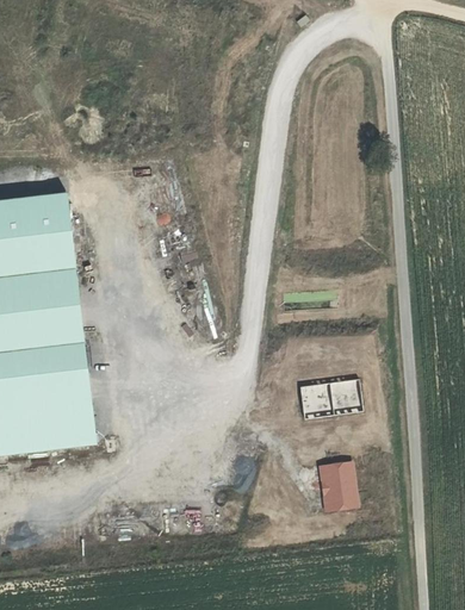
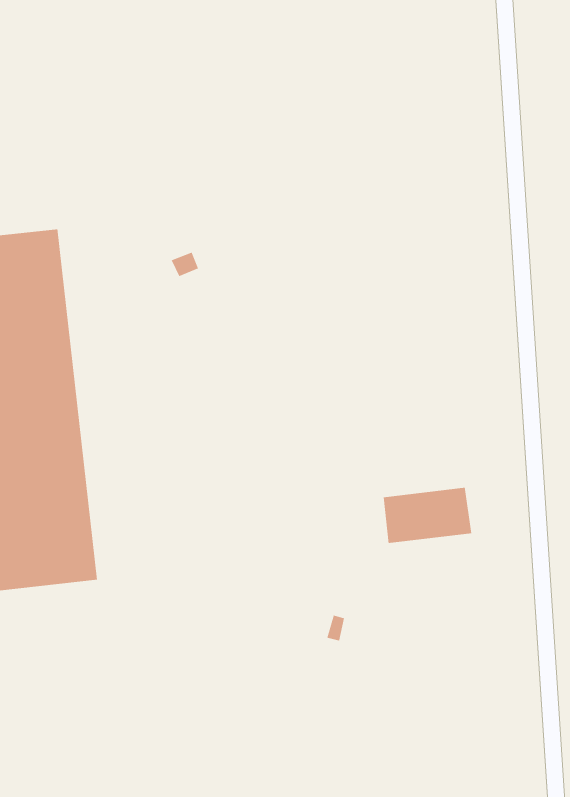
building: [327,462,354,508] -> none

